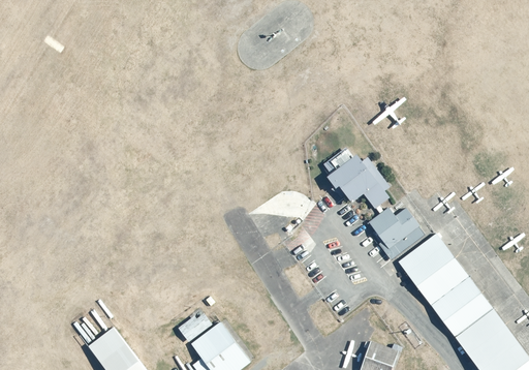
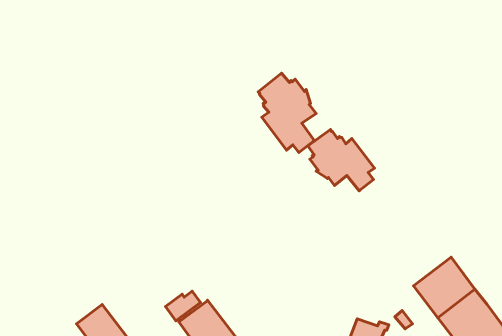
building: none -> [258,73,316,152]
building: [368,208,426,260] -> none
building: [398,234,468,306] -> none

